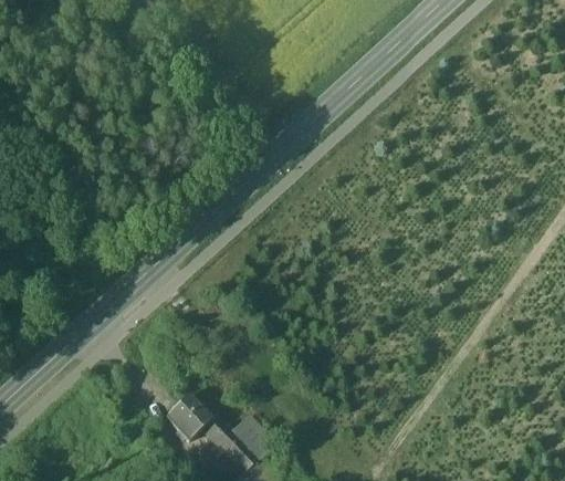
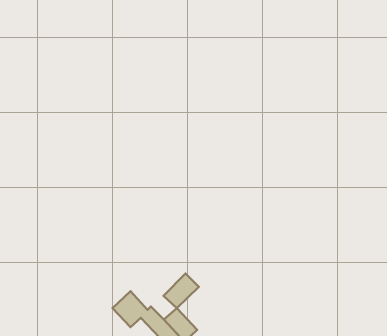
building: none -> [163,274,199,308]

